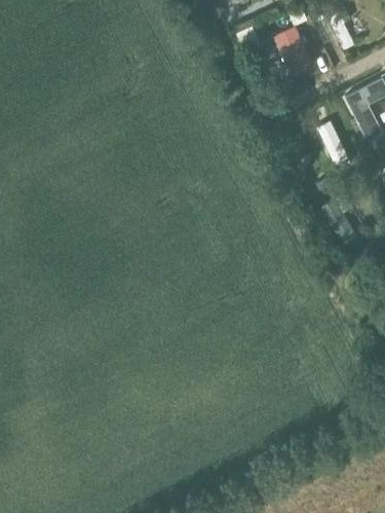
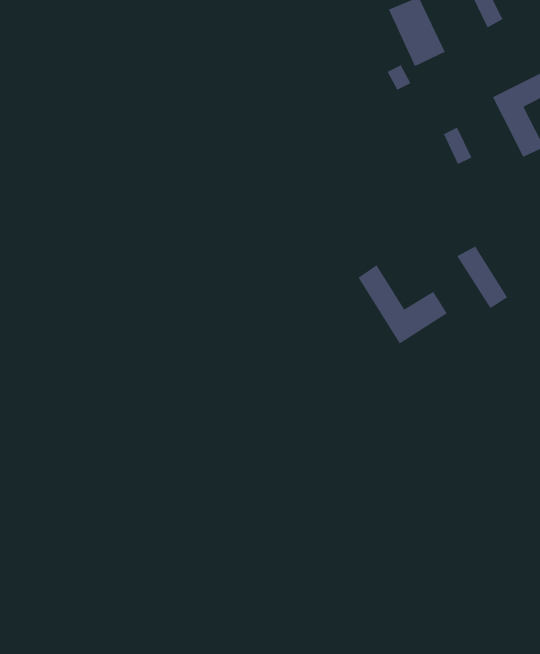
building: none -> [357,264,448,344]

